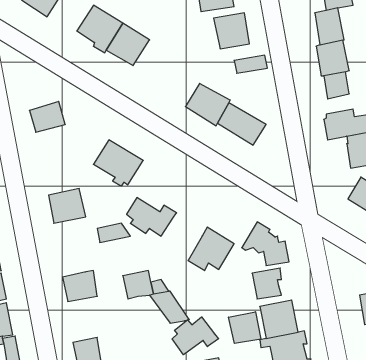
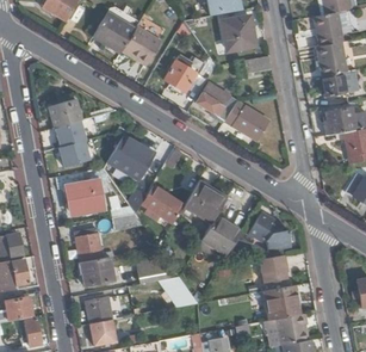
building: none -> [162,56,197,93]
building: none -> [62,124,99,174]
building: none -> [182,181,225,224]
building: none -> [74,229,101,263]
building: [229,312,261,343] -> none
building: none -> [86,297,112,323]
building: [172,317,219,355] -> none

